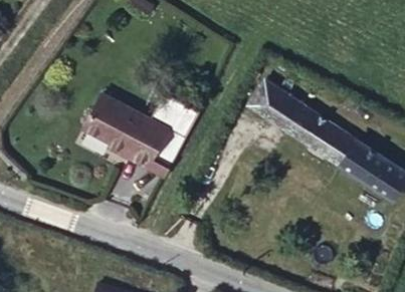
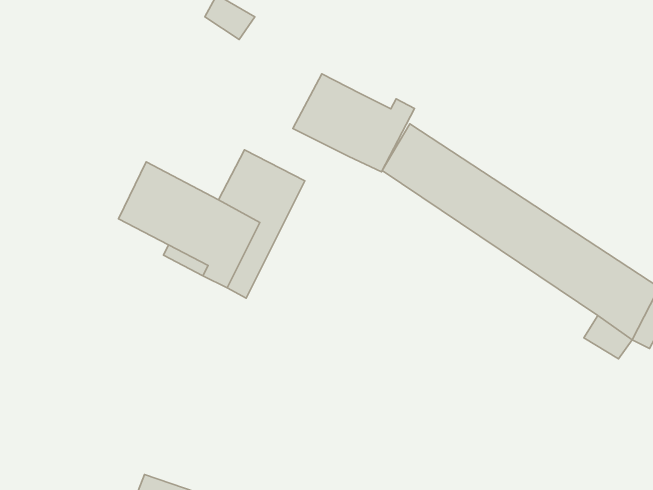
building: none -> [293,74,414,172]

